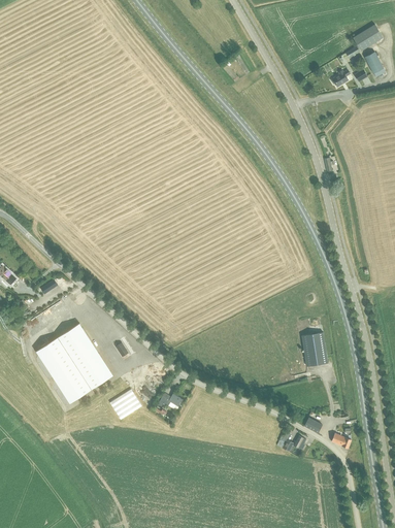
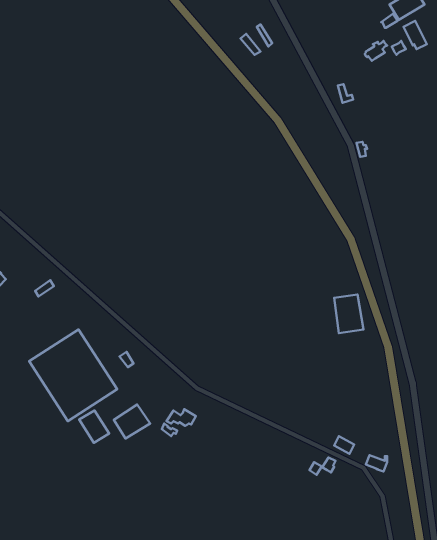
building: [301,332,327,366] -> [334,294,363,333]
building: none -> [79,410,109,443]

